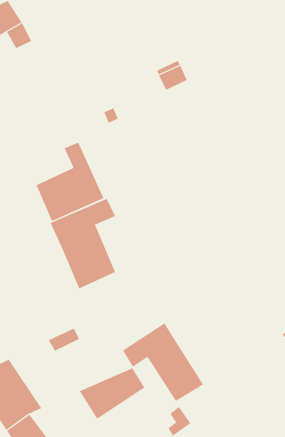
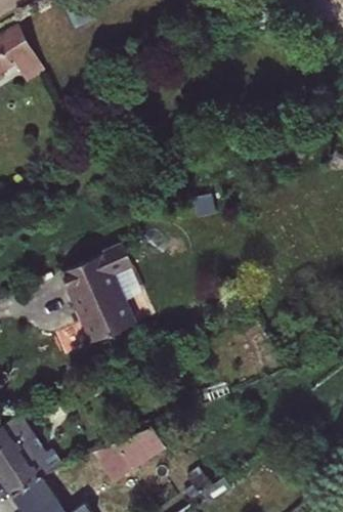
building: [36,142,104,222] -> none
building: [122,322,204,402] -> none

